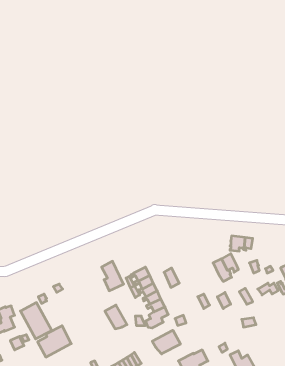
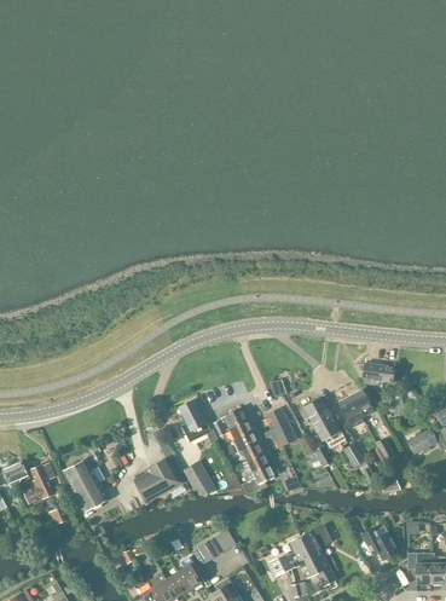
building: none -> [303,397,347,447]
building: [38,326,71,357] -> [134,457,183,502]
building: [152,330,180,354] -> none

